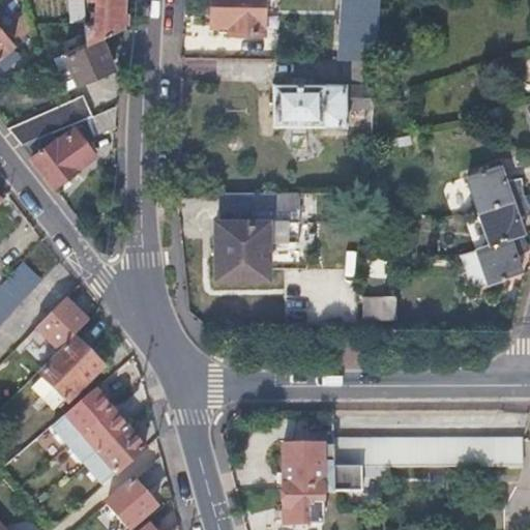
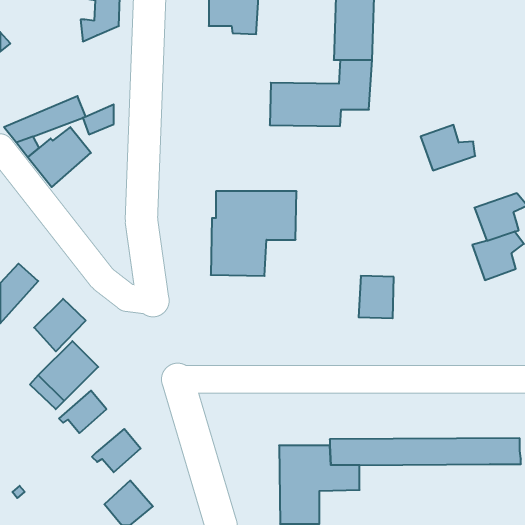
building: [65,35,113,82] -> none
building: [466,163,521,208] -> [421,125,475,170]
building: [78,410,127,453] -> none

